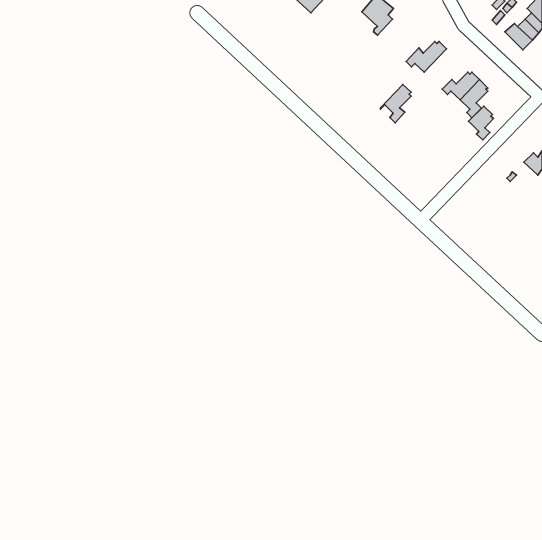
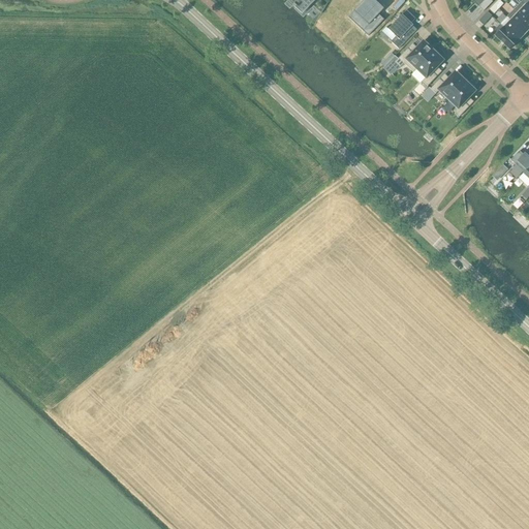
building: none -> [386,8,415,46]
building: [380,85,411,123] -> [413,48,443,85]
building: [469,106,494,140] -> none

